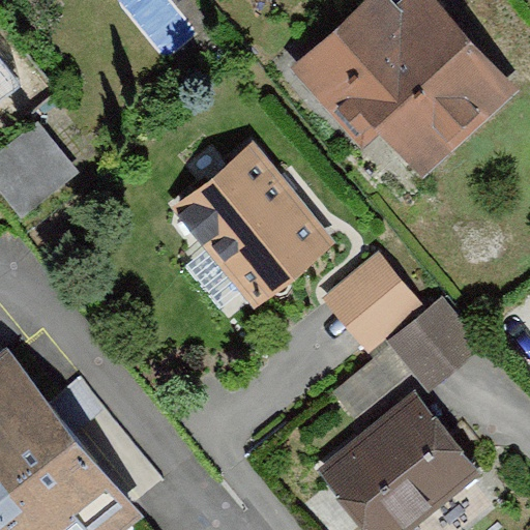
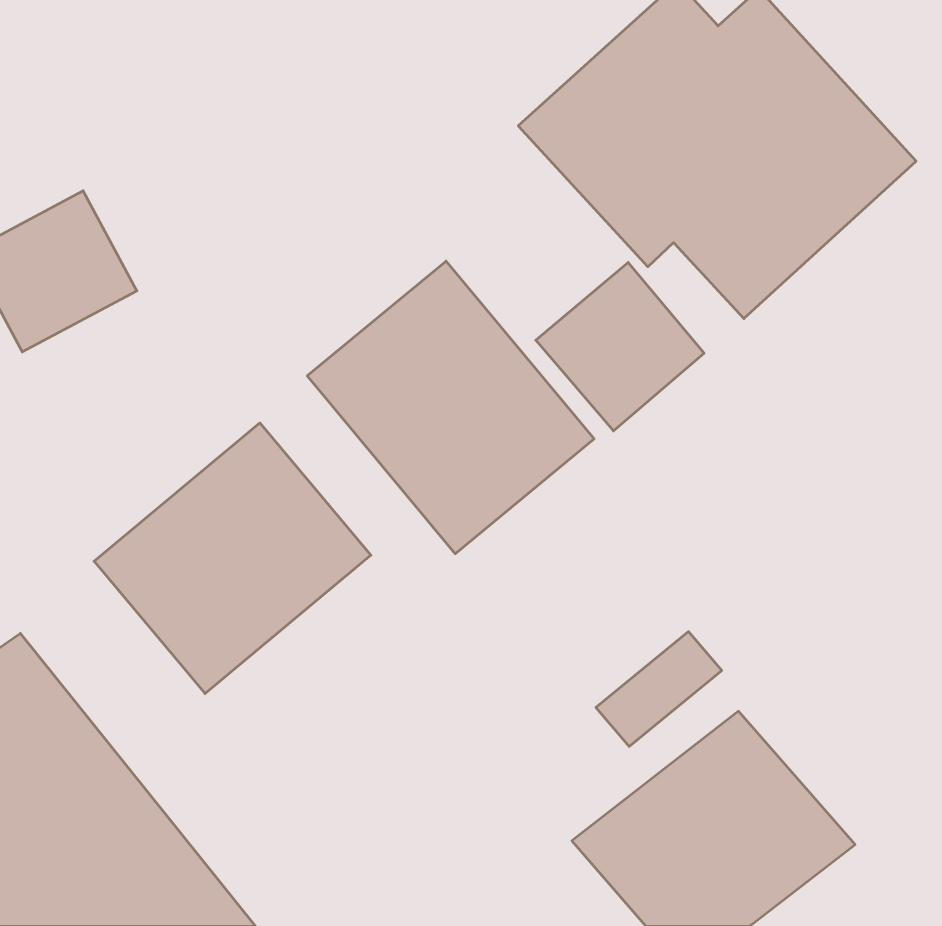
building: none -> [94,423,371,694]
building: [324,254,418,348] -> [536,262,704,431]
building: [390,302,479,390] -> none

